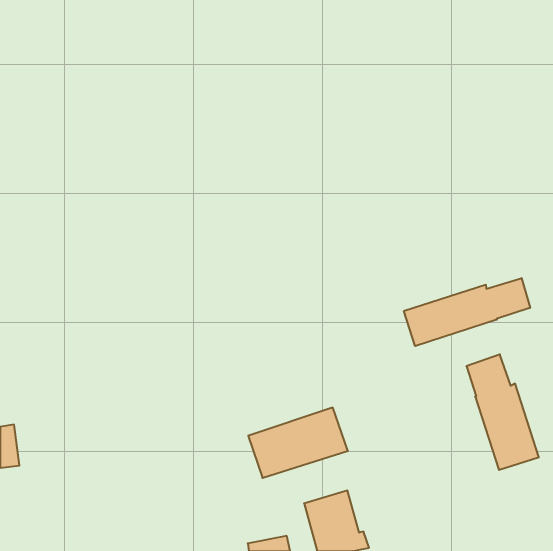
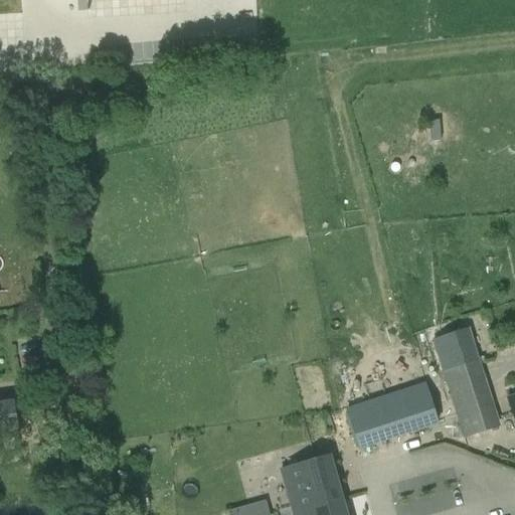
building: [404,278,530,346] -> none
building: [248,408,348,478] -> [346,383,439,449]

